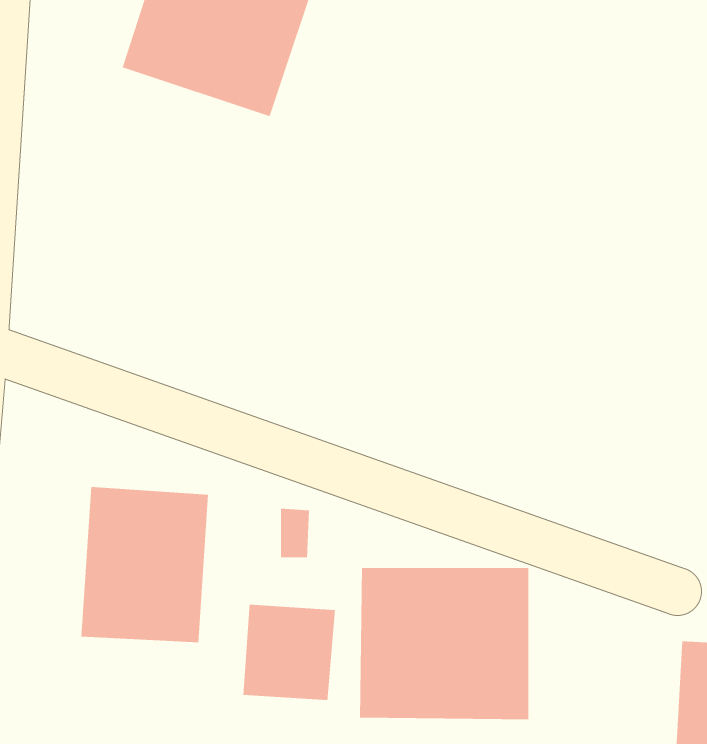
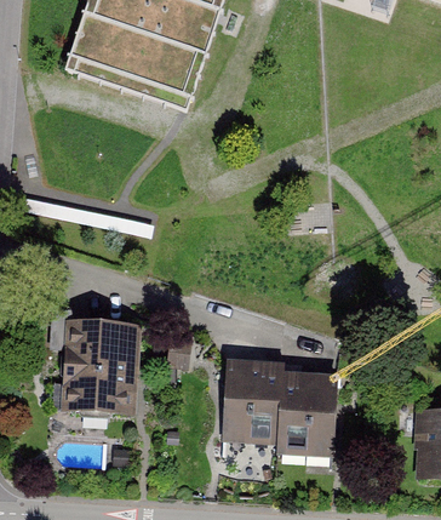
building: [243,604,336,701] -> none

